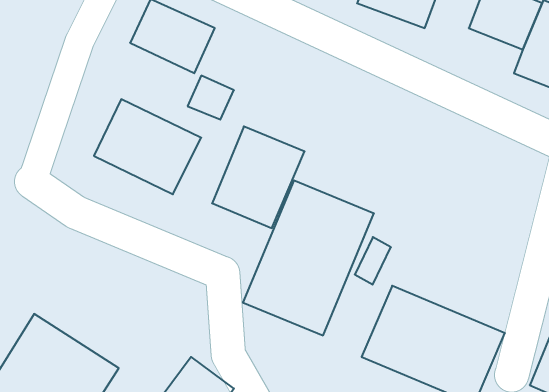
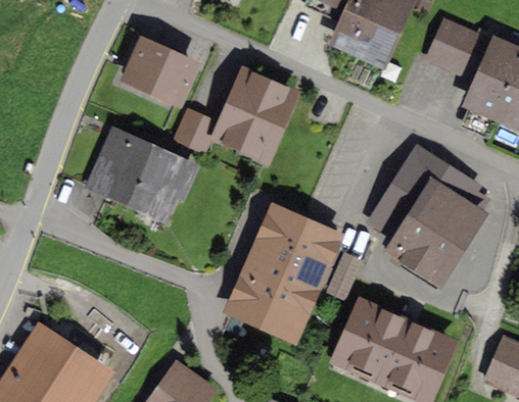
building: none -> [367,147,486,284]
building: [212,126,305,228] -> [214,68,297,160]

